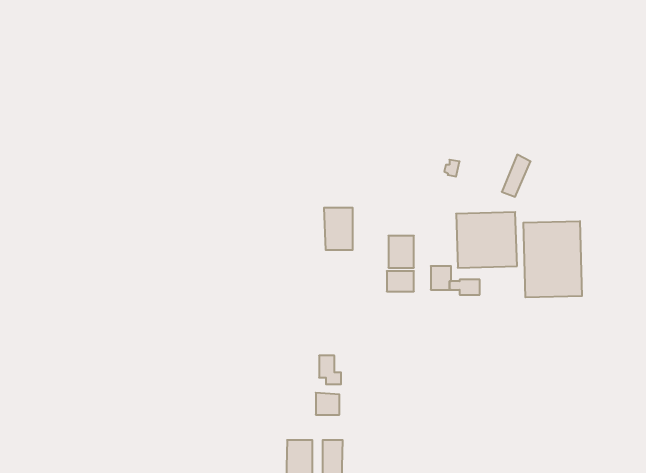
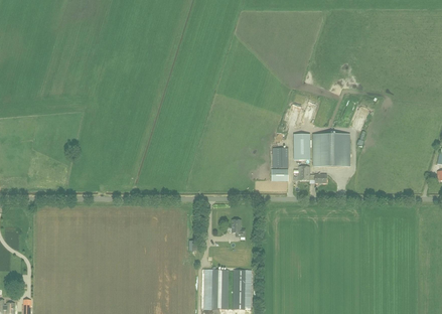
building: [324,208,353,250] -> [293,134,310,159]
building: [523,221,582,297] -> none

